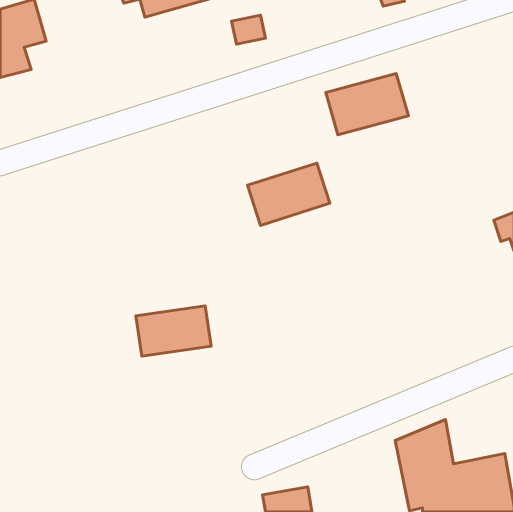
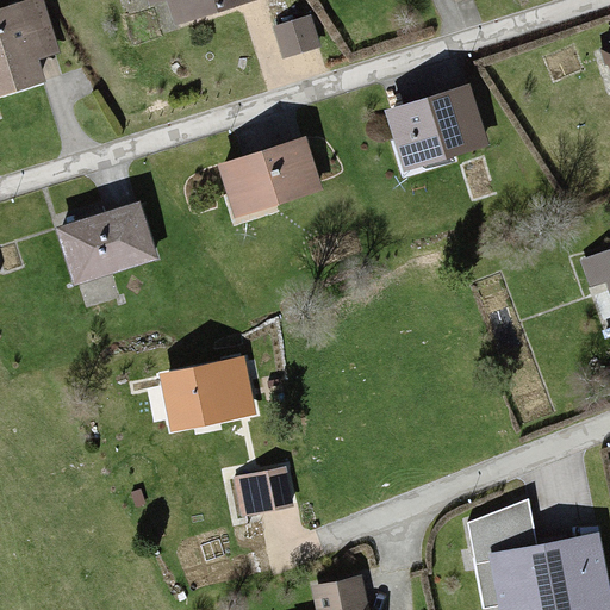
building: [247,163,330,225] -> [219,139,317,213]
building: none -> [56,205,155,285]
building: none -> [234,469,291,515]

